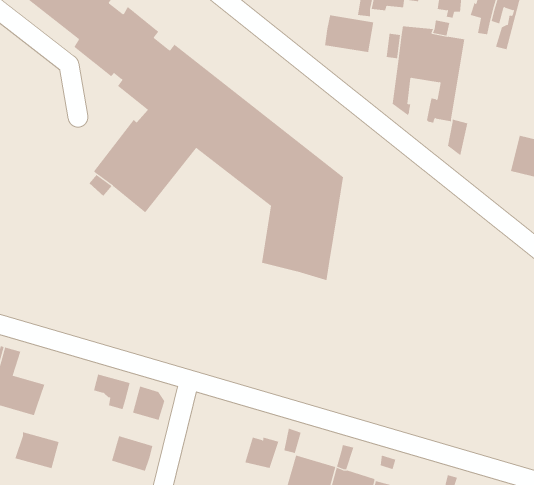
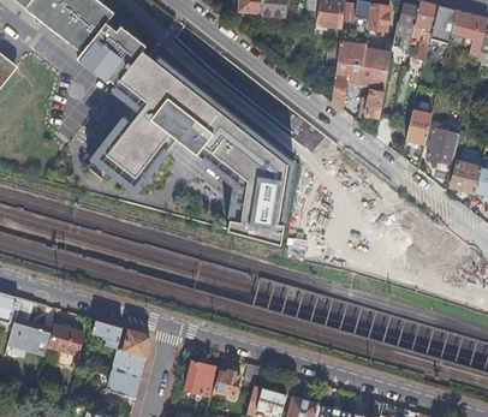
building: [324,15,374,53] -> none
building: none -> [405,108,430,143]
building: none -> [112,347,144,376]
building: none -> [184,359,215,394]
building: [15,431,60,469] -> [47,323,83,353]

